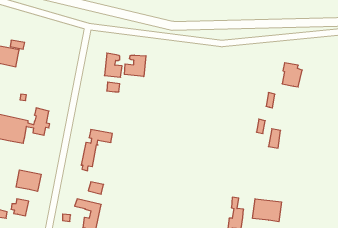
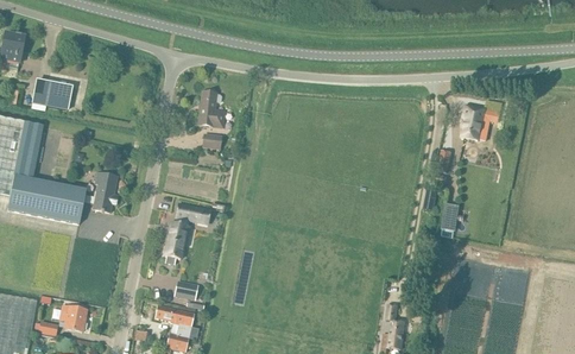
building: [124,55,146,77] -> none
building: [16,170,41,191] -> none
building: [253,199,281,222] -> none

